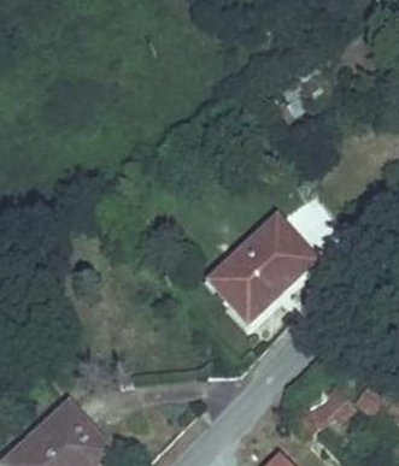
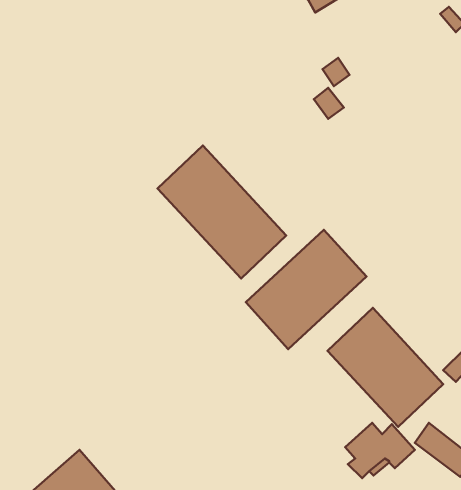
building: none -> [157,145,286,279]
building: none -> [327,308,443,427]

